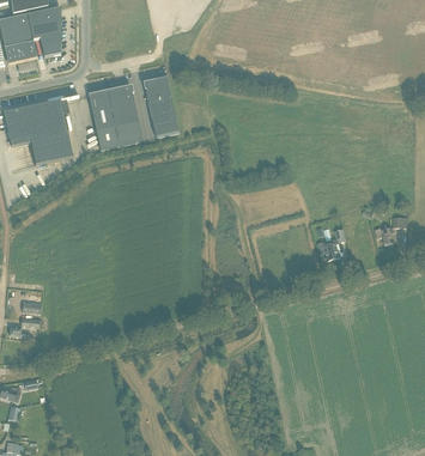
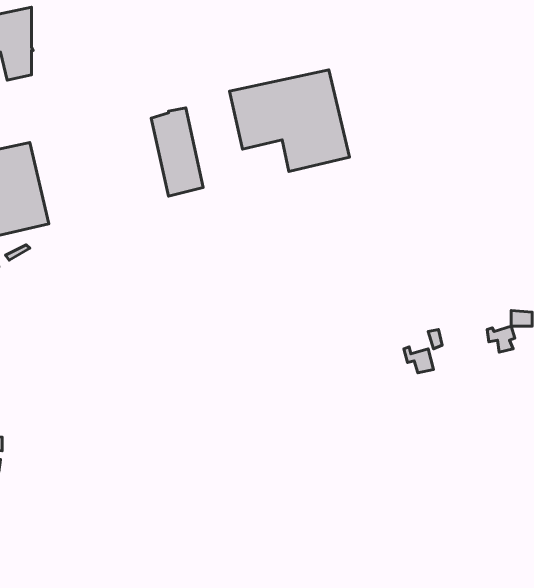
building: none -> [230,70,350,172]
building: [87,85,141,148] -> none

